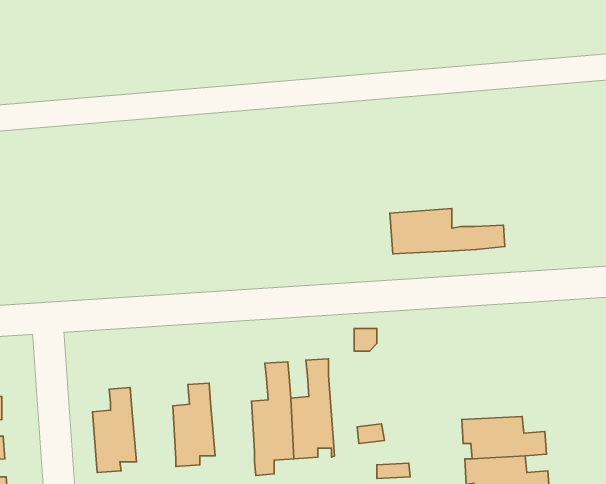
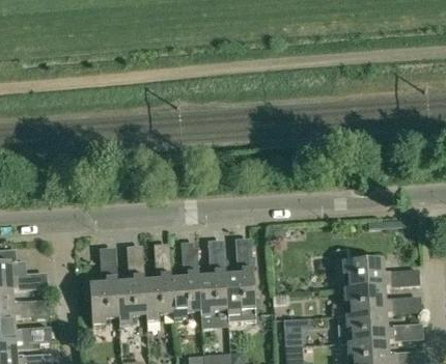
building: [390,208,505,254] -> [341,256,420,287]
building: none -> [171,250,201,318]
building: none -> [117,264,147,321]

